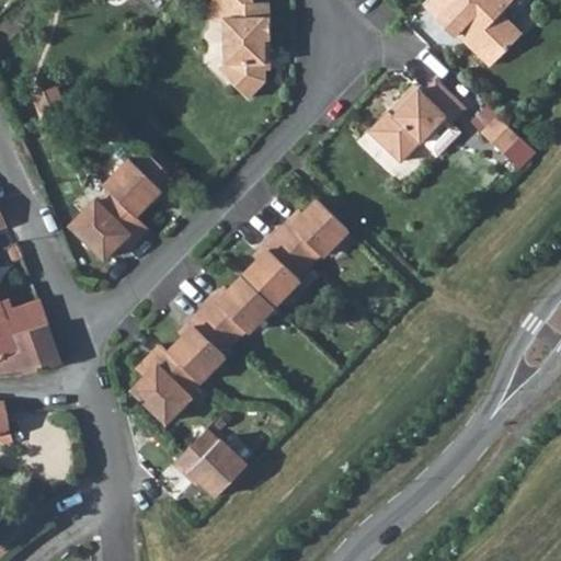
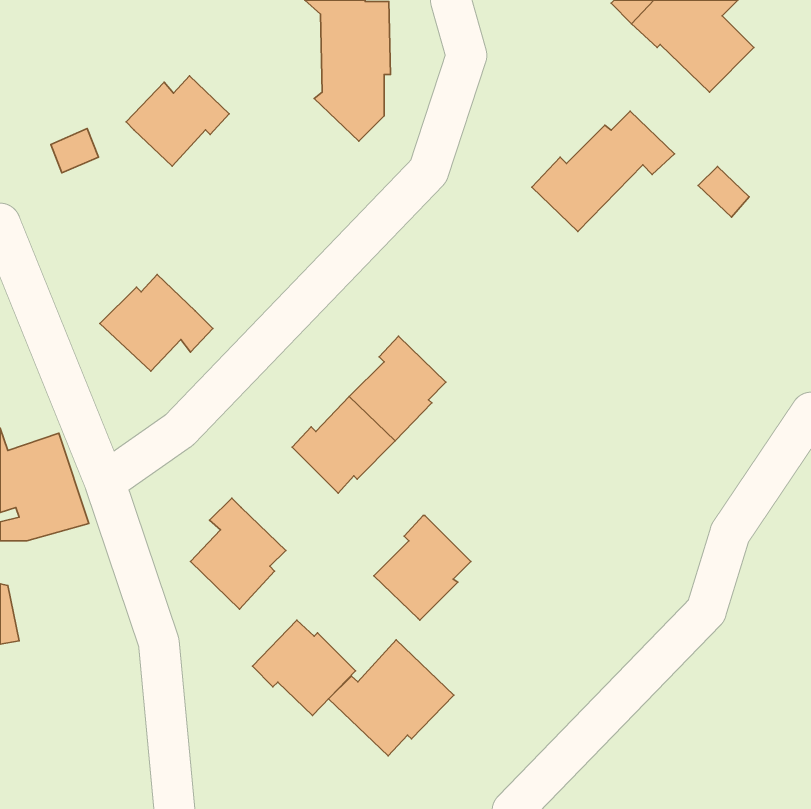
building: [103,153,174,216] -> [126,76,229,166]
building: [275,198,347,265] -> none
building: [167,310,233,382] -> [374,516,471,620]
building: none -> [329,640,454,756]

